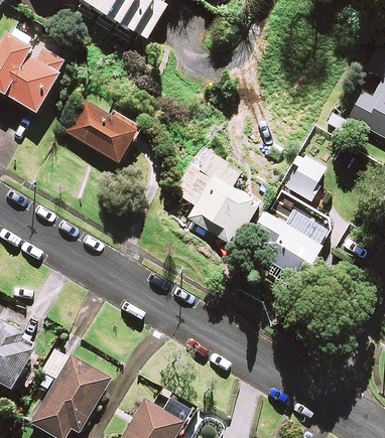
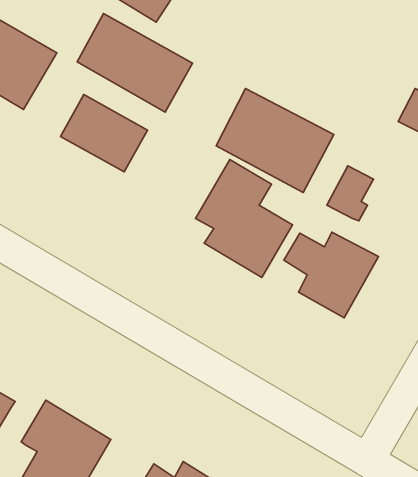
building: none -> [77,14,193,112]
building: none -> [216,88,334,192]

